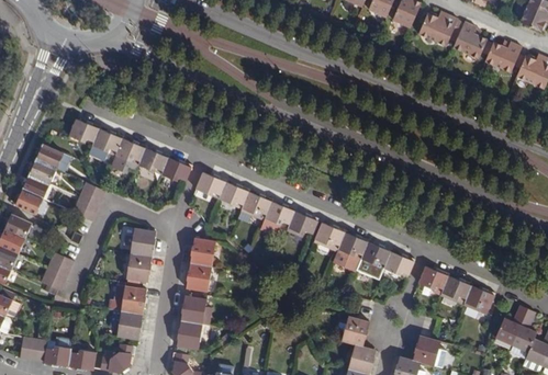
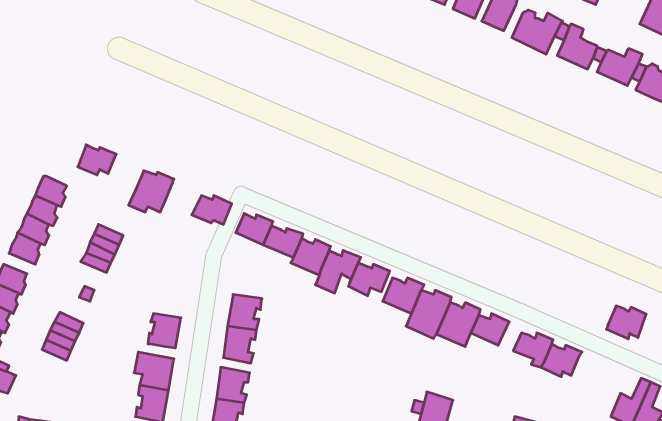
building: [92,128,123,155] -> none
building: [138,149,169,174] -> none
building: [121,227,156,257] -> none
building: [462,287,494,314] -> [606,306,646,339]

